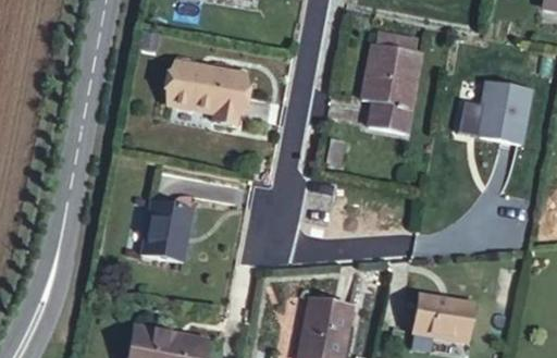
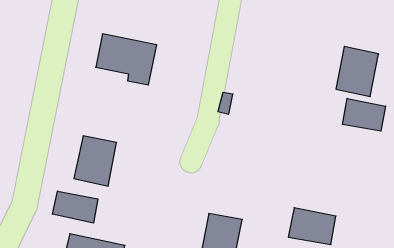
building: [350,44,411,135] -> none
building: none -> [343,98,386,131]
building: none -> [53,191,98,223]

